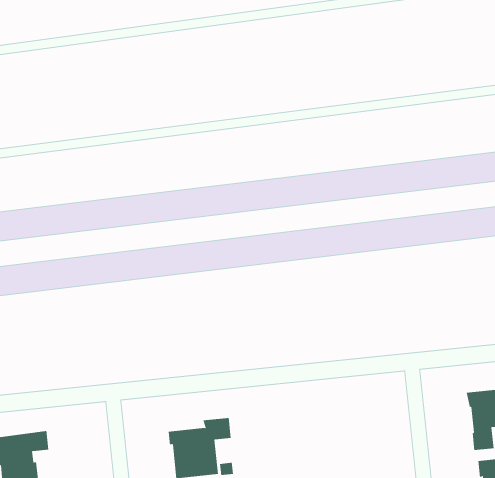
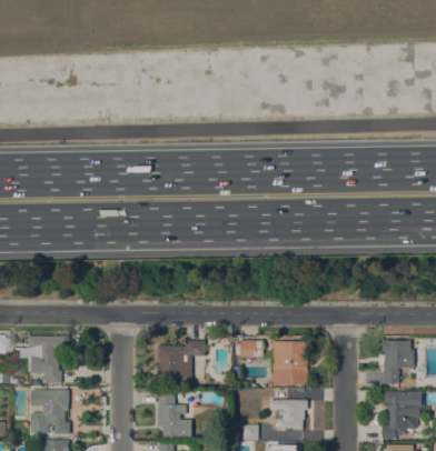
building: none -> [272,341,308,384]
building: none -> [235,341,264,358]

